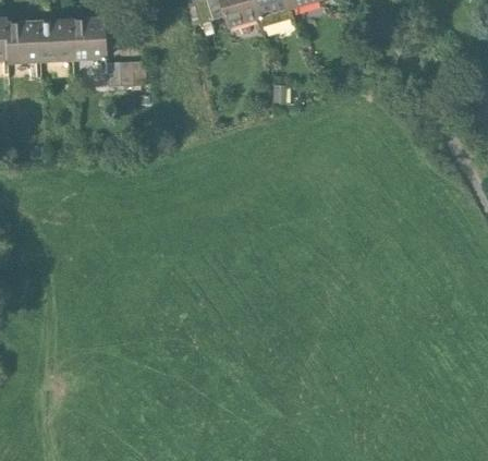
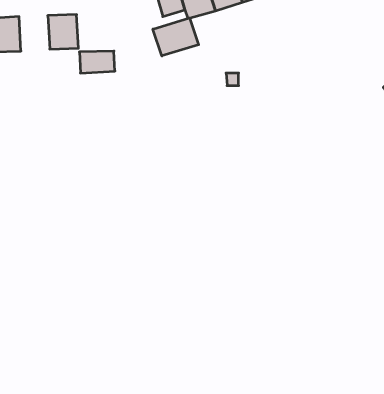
building: [38,21,73,61] -> none
building: none -> [153,18,199,56]

